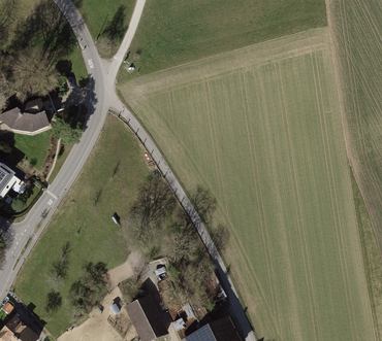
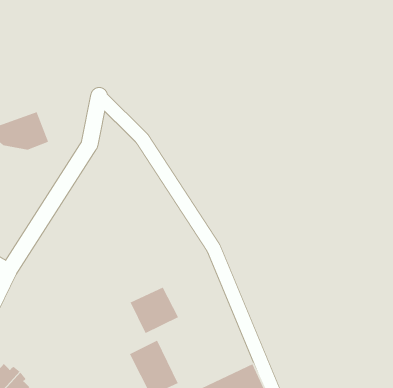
building: none -> [130,286,179,334]

